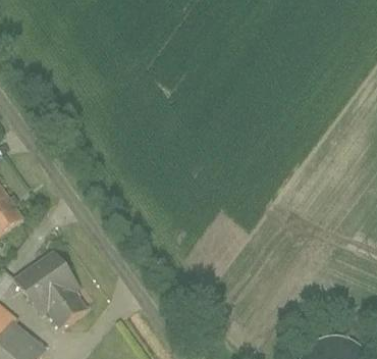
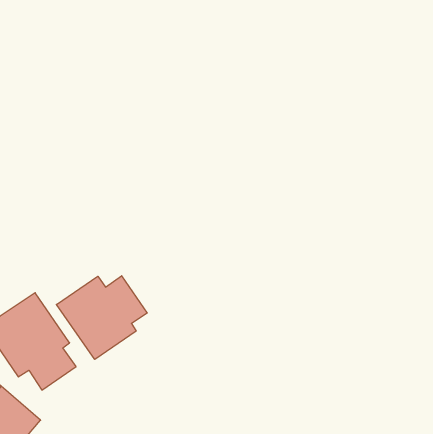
building: none -> [56,276,147,359]

